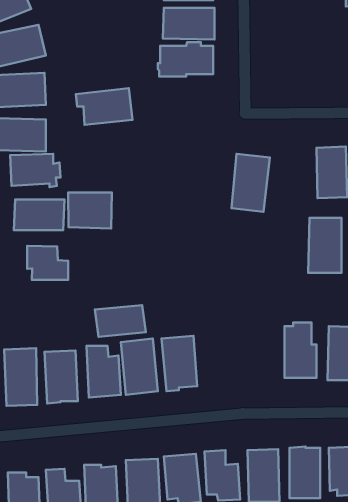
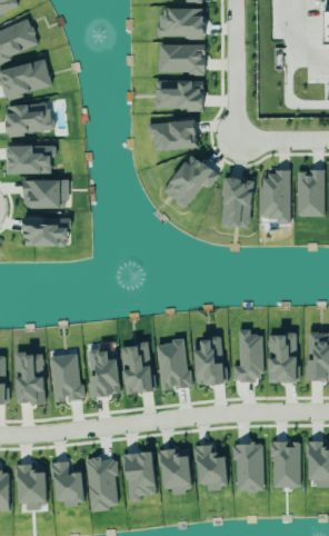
building: [76,88,133,125] -> [147,119,198,152]
building: none -> [163,155,219,208]
building: [68,193,112,229] -> none
building: [308,218,341,273] -> [260,171,290,221]
building: [27,246,68,280] -> none
building: [95,305,146,337] -> none
building: none -> [233,329,263,381]
building: none -> [195,340,223,385]

